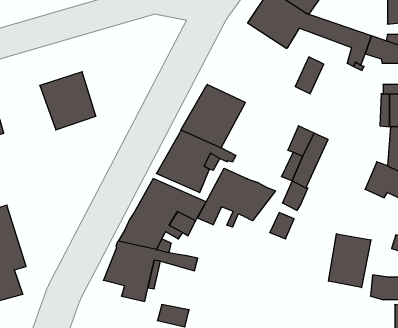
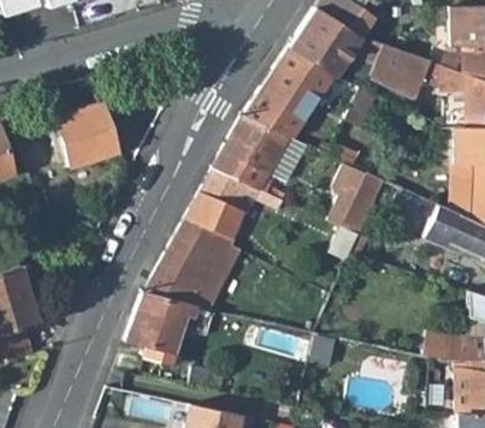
building: none -> [244,47,335,139]
building: [198,168,275,227] -> none
building: [329,234,371,288] -> none

